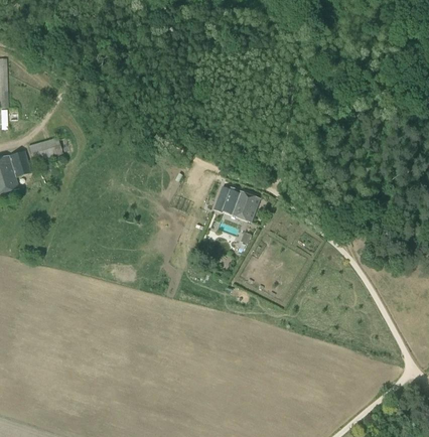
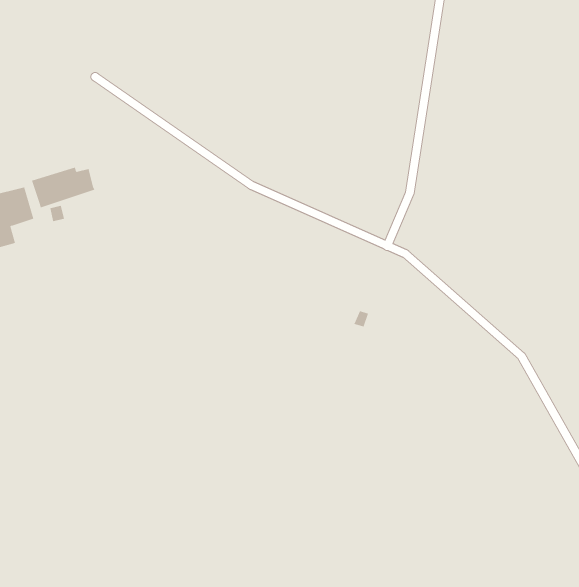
building: [222,186,258,221] -> none

